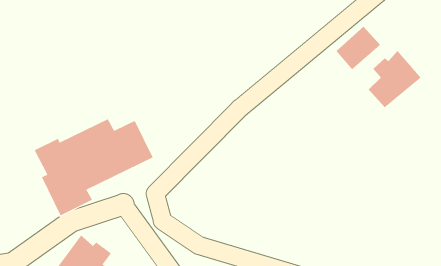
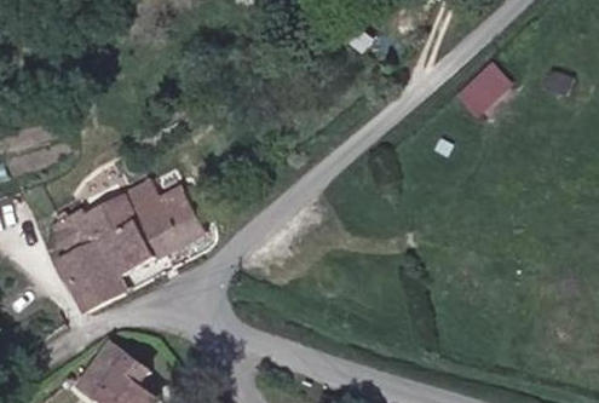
building: [368,50,421,108] -> none

